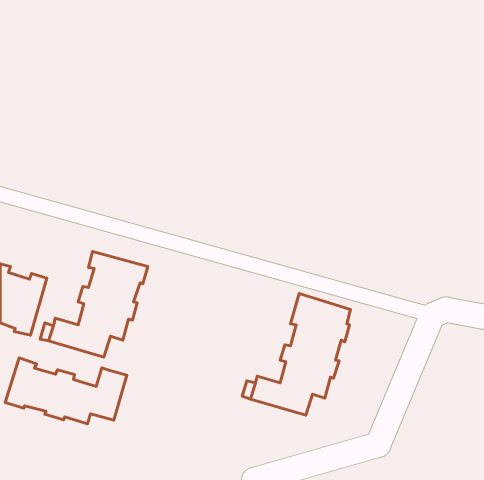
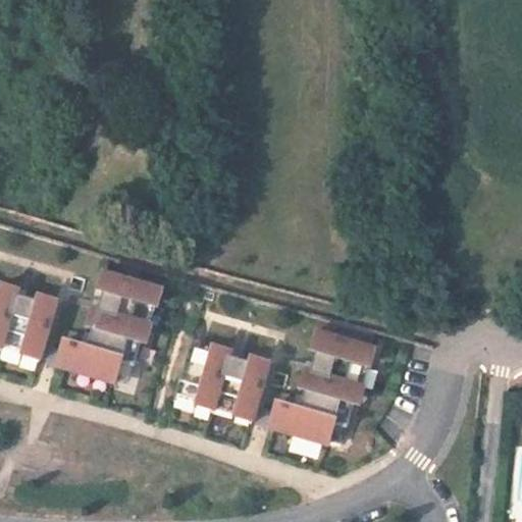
building: none -> [175,341,270,420]
building: [5,358,127,424] -> none

